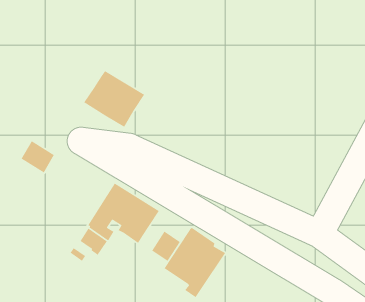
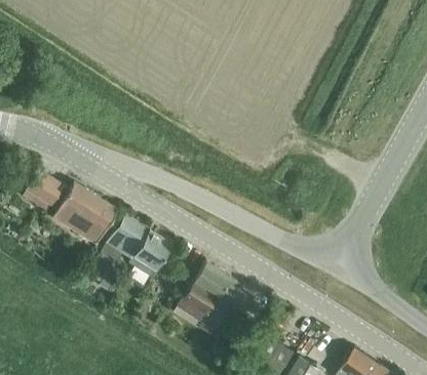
building: [83,70,145,128] -> [52,185,117,246]
building: [151,230,181,262] -> none

